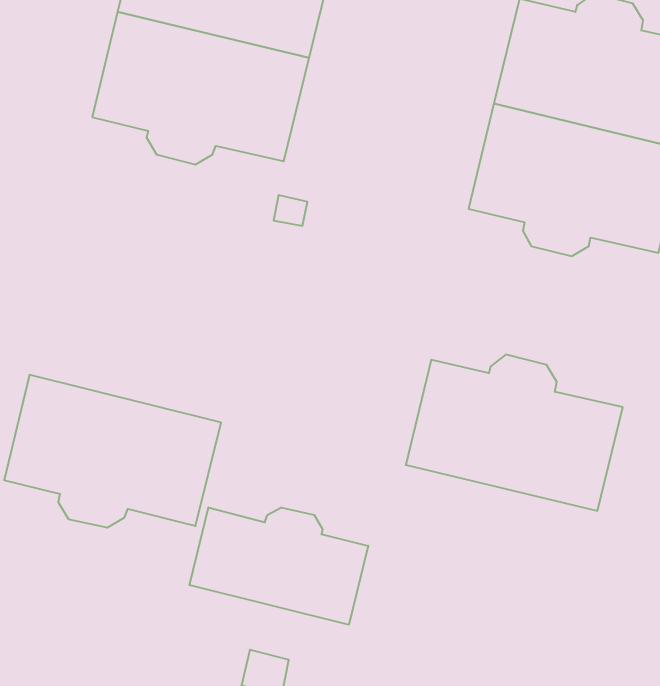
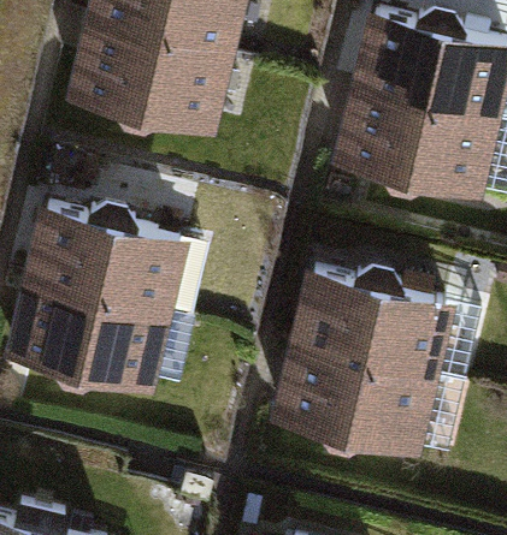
building: none -> [28,206,182,316]
building: none -> [277,346,431,454]
building: [190,507,368,625] -> none

